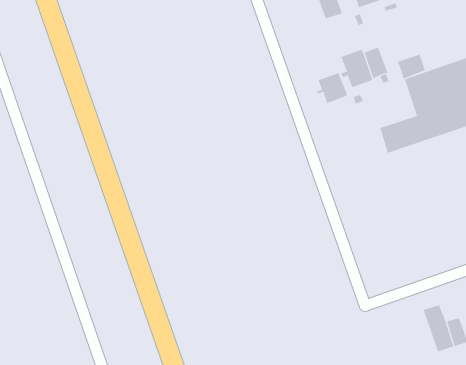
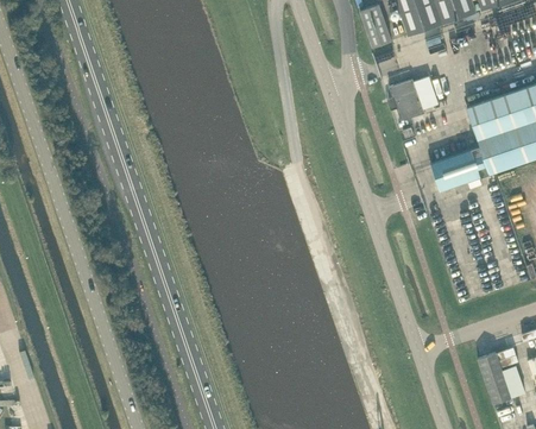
building: [397,54,426,79] -> none
building: [317,72,347,104] -> none

